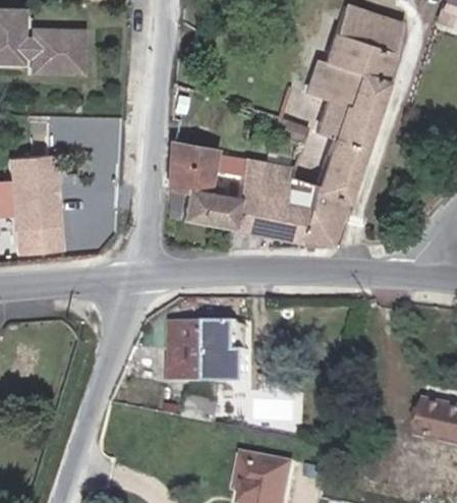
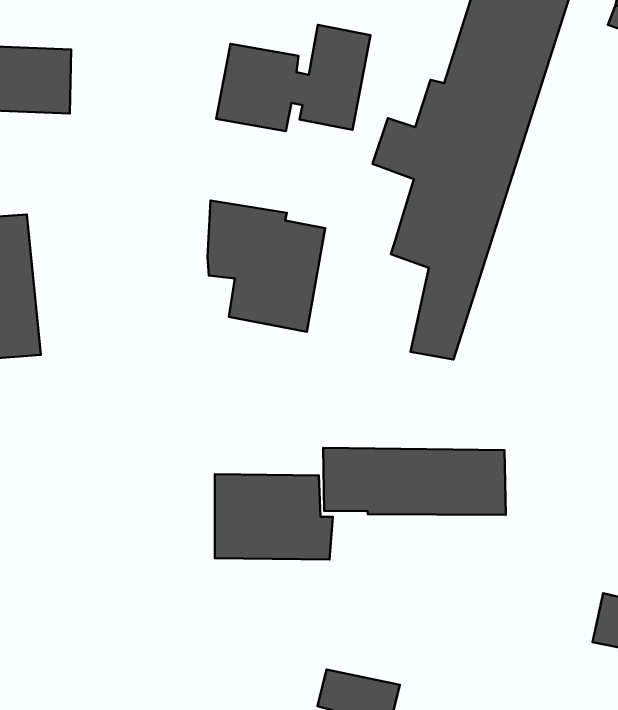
building: none -> [216,25,371,131]
building: [237,157,319,239] -> none
building: none -> [323,448,506,515]

